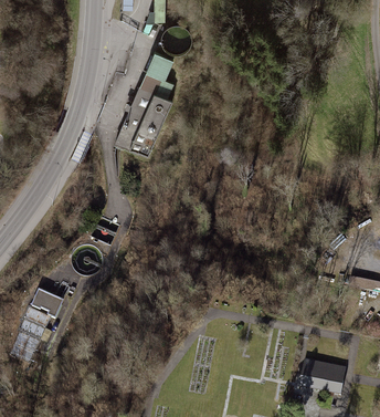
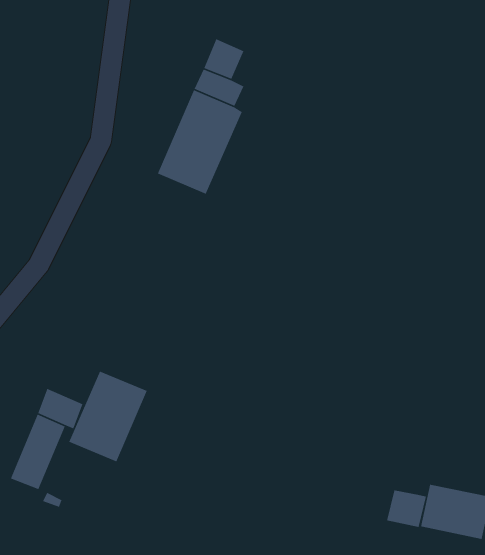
building: none -> [68,371,148,462]
building: none -> [386,490,427,528]

